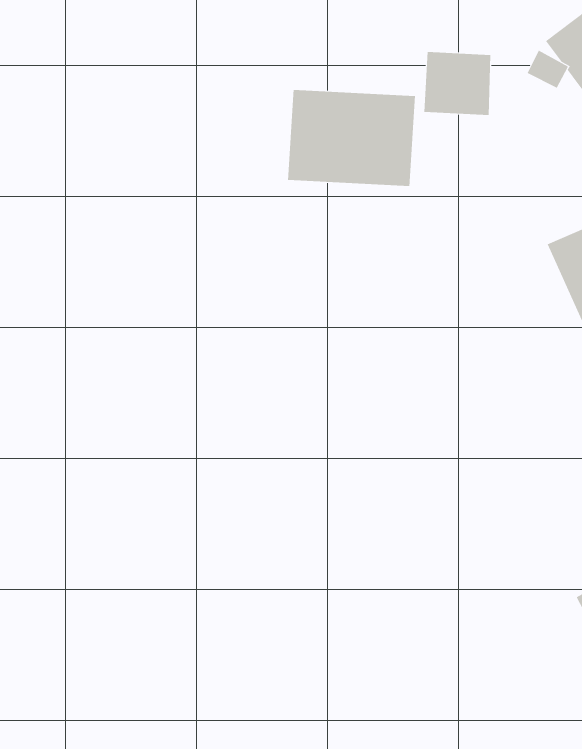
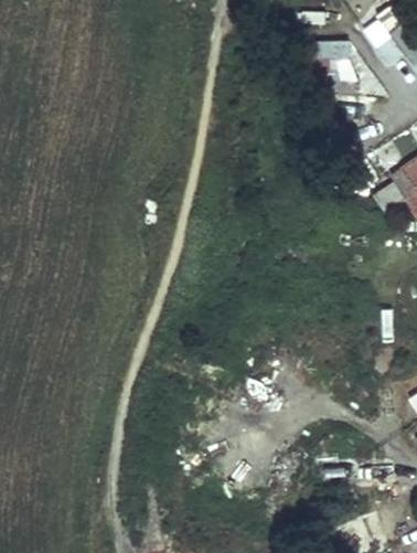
building: [287,89,416,187] -> none

